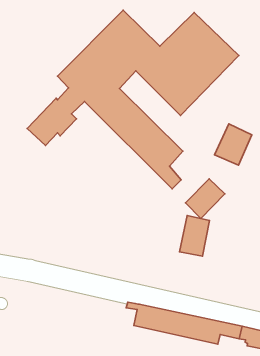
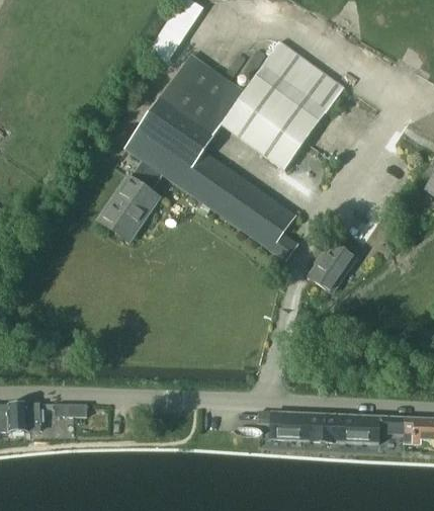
building: [214,124,252,165] -> none
building: [179,216,210,256] -> none

